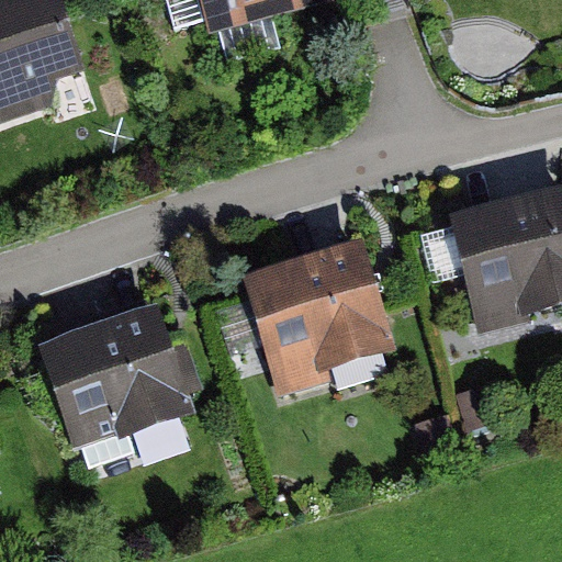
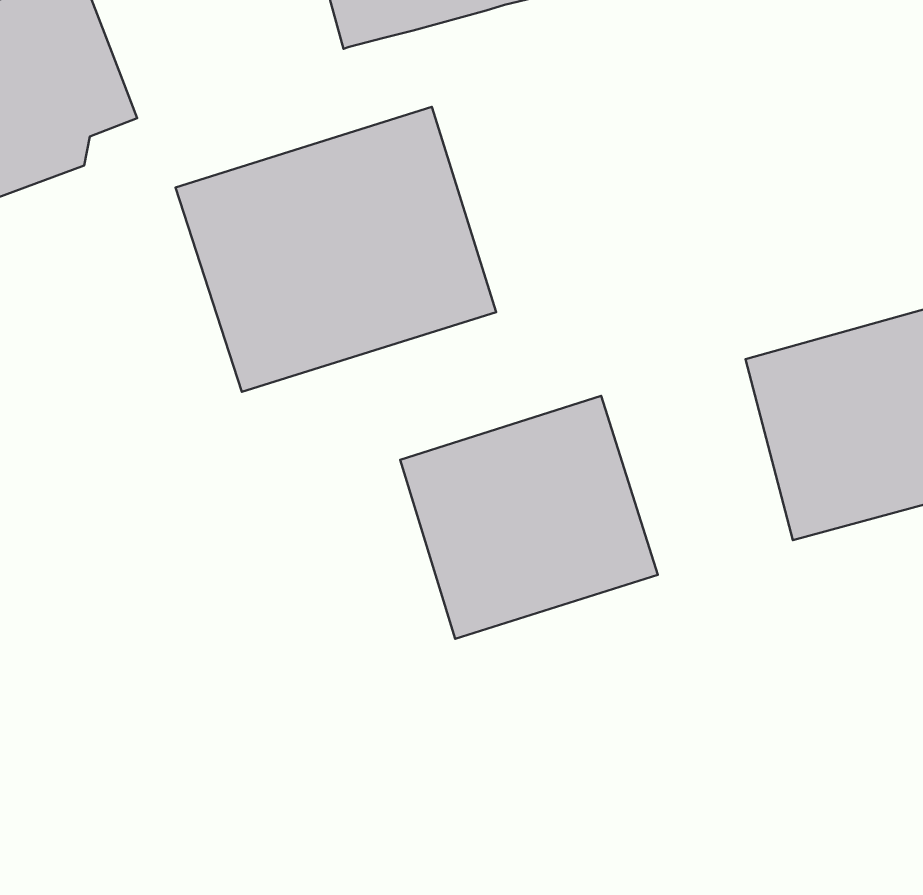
building: none -> [175,107,496,392]
building: [37,302,193,447] -> none

